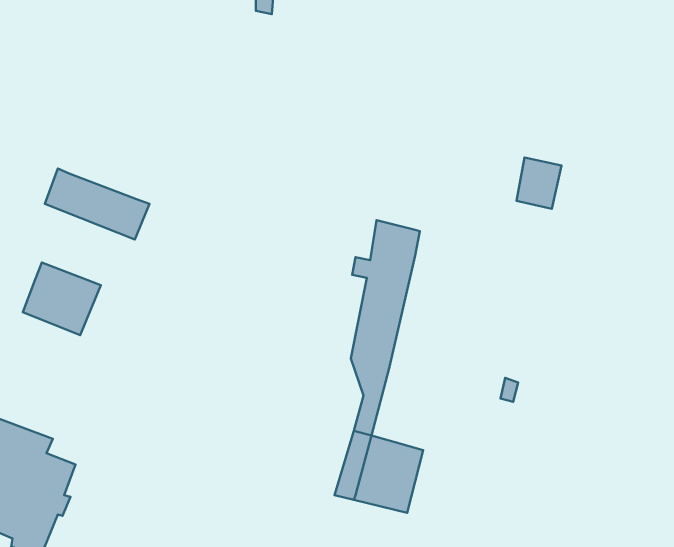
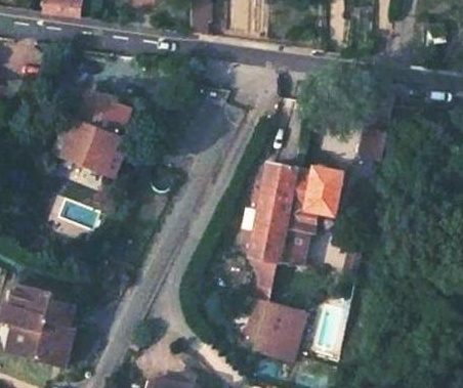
building: none -> [72,91,132,150]
building: none -> [276,167,344,265]
building: [23,262,101,335] -> none

